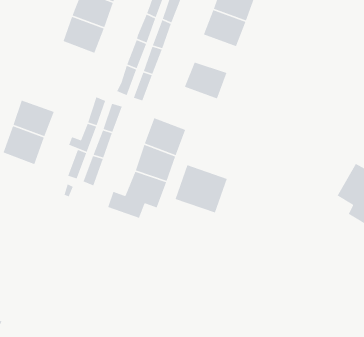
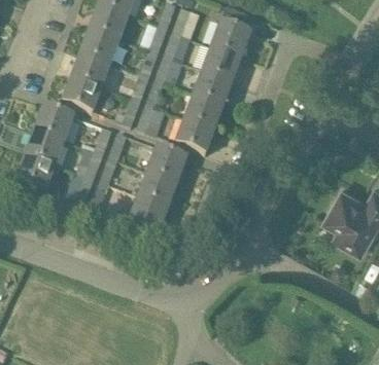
building: none -> [194,68,233,103]
building: none -> [63,74,102,111]
building: none -> [34,103,74,139]
building: none -> [175,116,215,152]
building: [175,164,228,214] -> none

